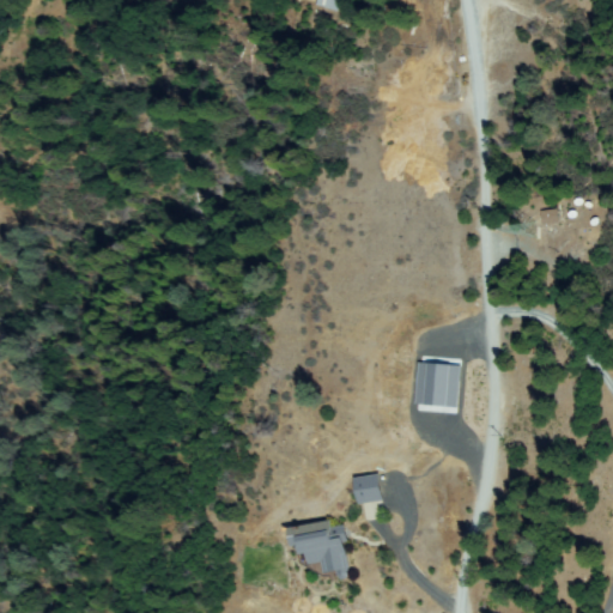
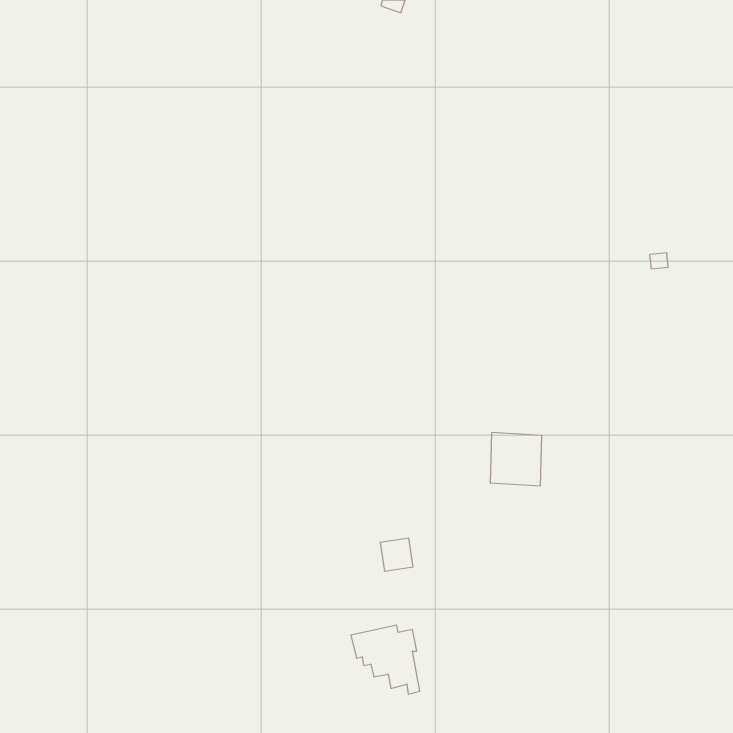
building: [354,477,382,504] -> [380,538,413,571]

